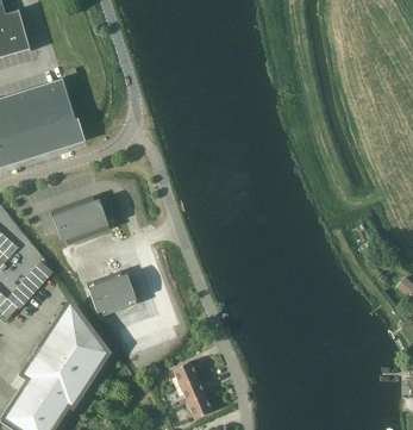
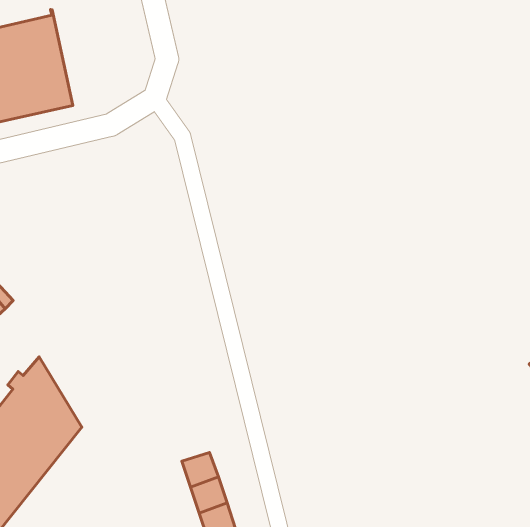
building: [50,195,108,244] -> none
building: [86,270,136,316] -> none

